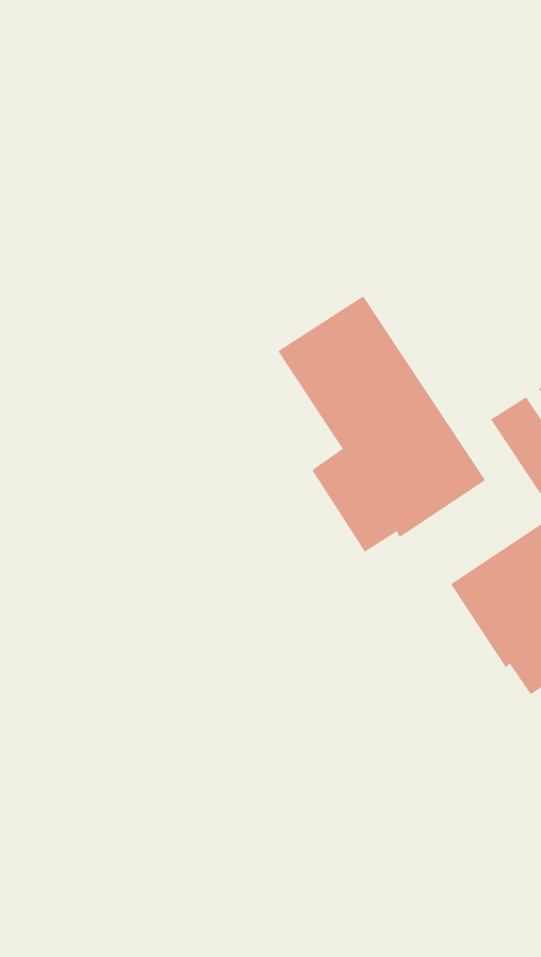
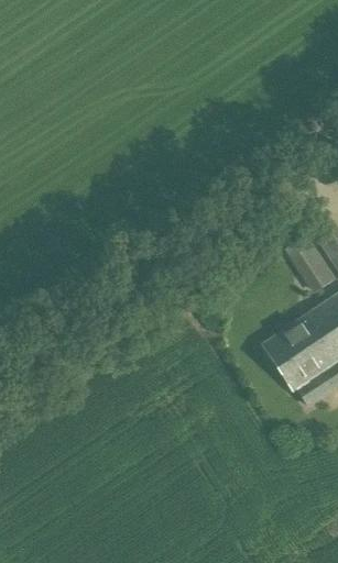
building: [278,295,486,553] -> none

